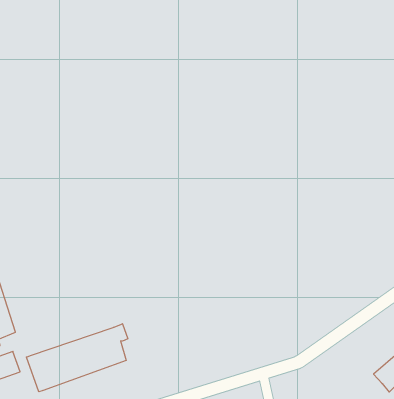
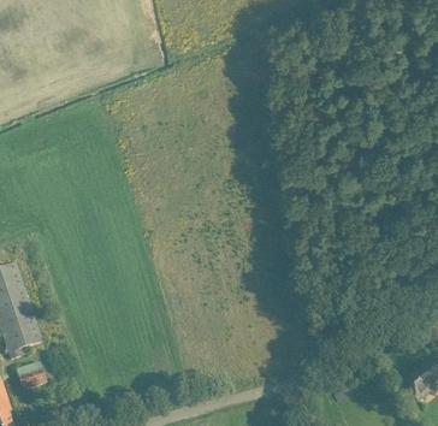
building: [26,324,128,392] -> none

